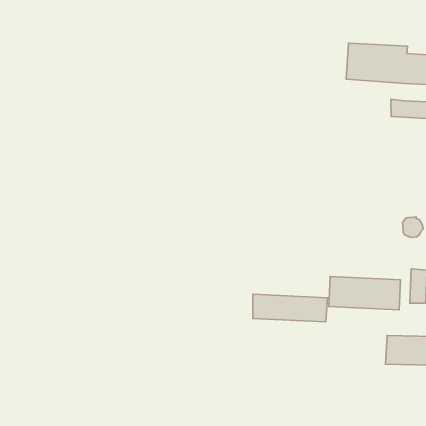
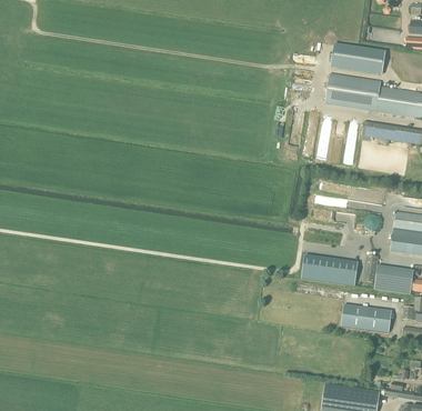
building: none -> [333,46,384,73]
building: [253,294,327,322] -> none

